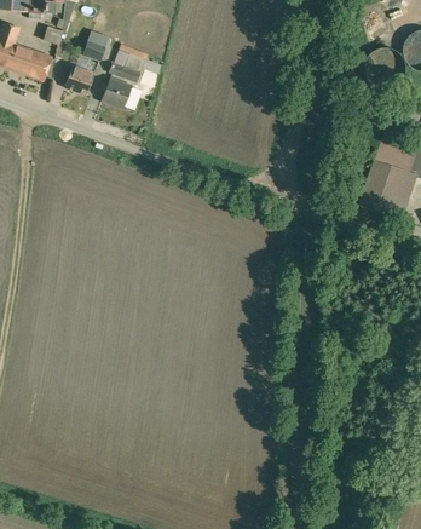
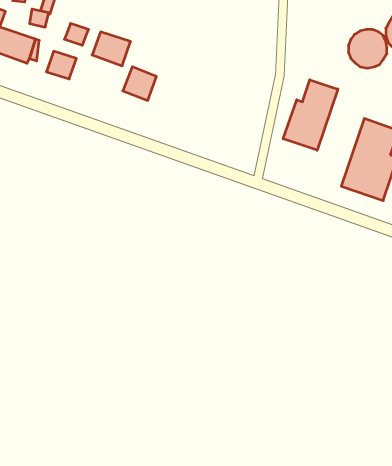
building: [99,75,133,109] -> [123,67,156,100]
building: none -> [283,80,338,150]

